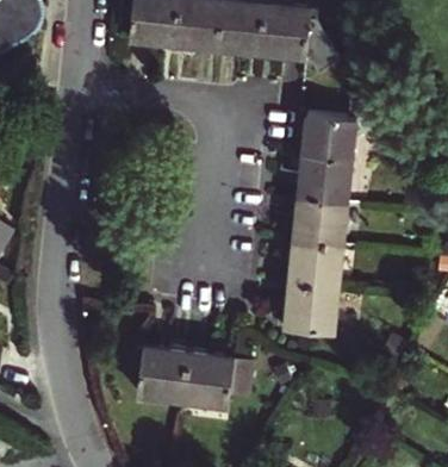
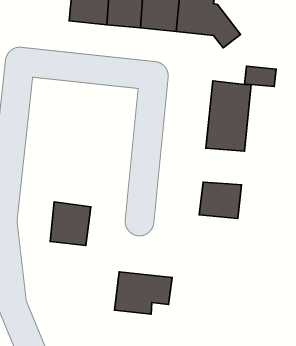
building: [294,200,346,245] -> none
building: [286,282,337,334] -> none
building: [141,347,191,400] -> [50,202,91,245]

